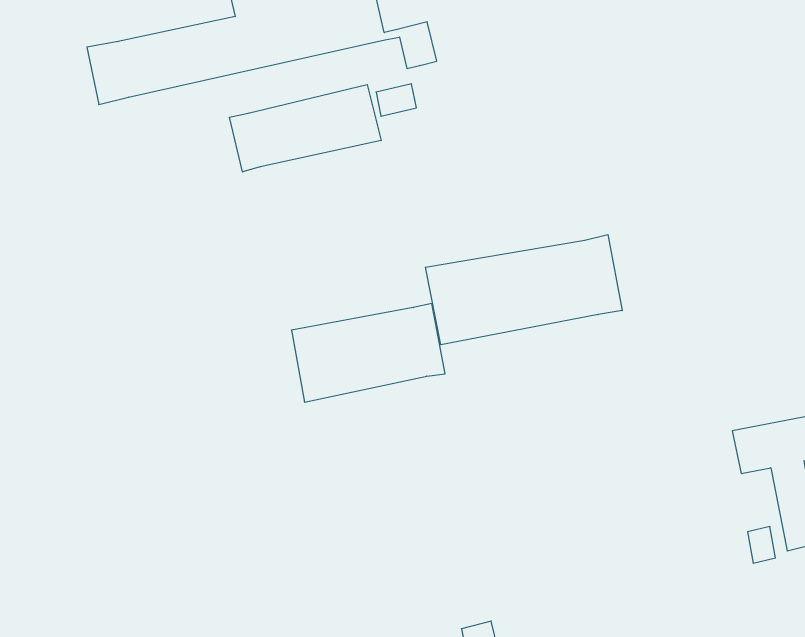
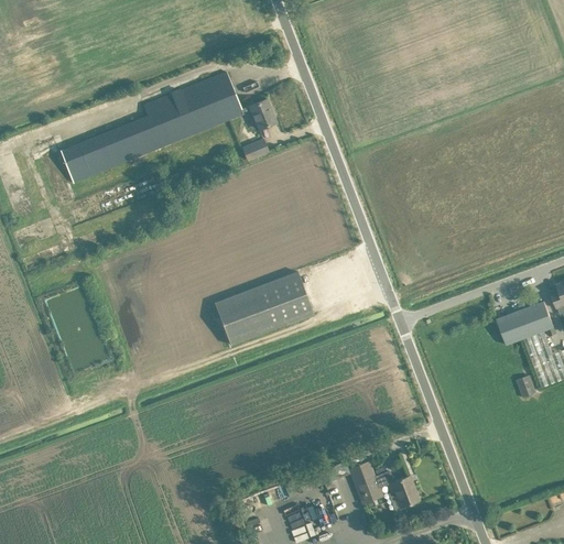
building: [230,85,381,172] -> none
building: [425,235,622,345] -> none

